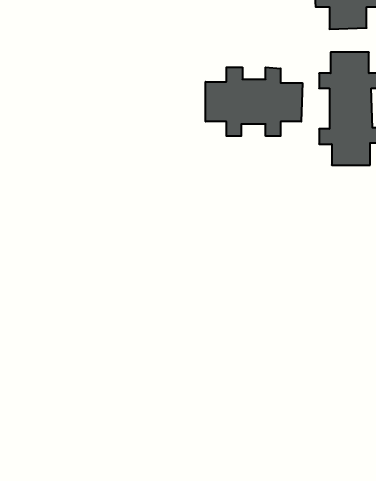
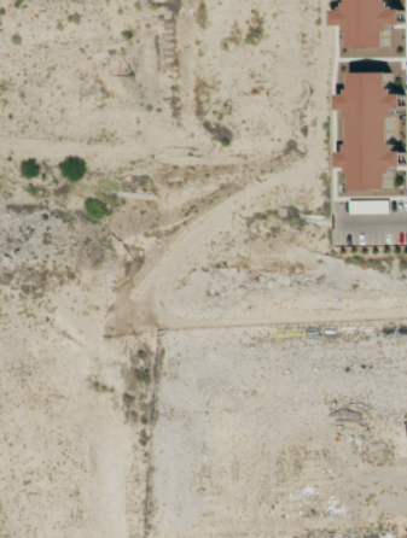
building: [206,67,302,136] -> none

